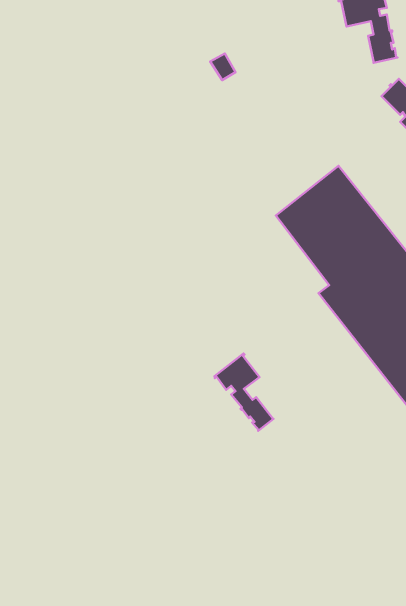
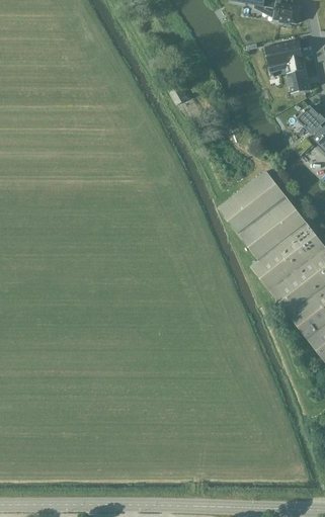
building: [215,353,274,431] -> none

